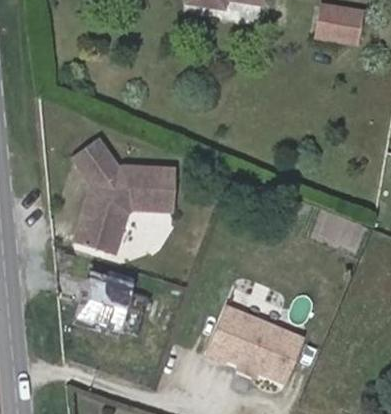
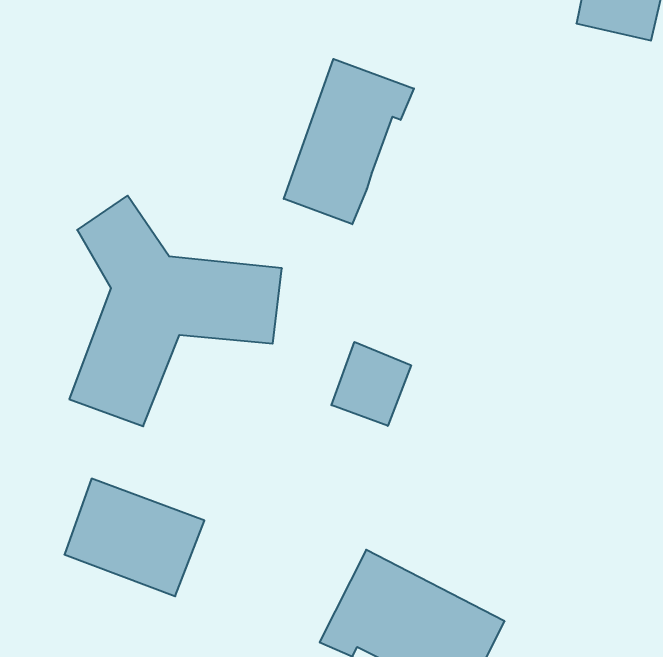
building: none -> [284,59,414,224]
building: none -> [331,342,411,426]

